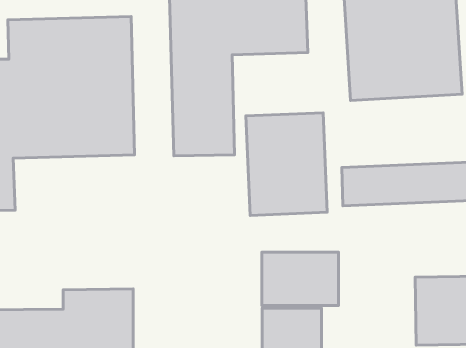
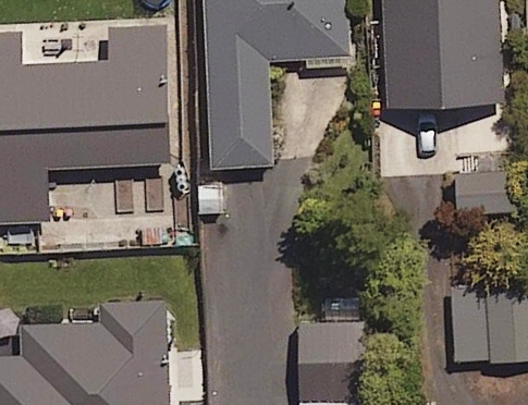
building: [246,113,327,215] -> none
building: [262,252,339,305] -> none

